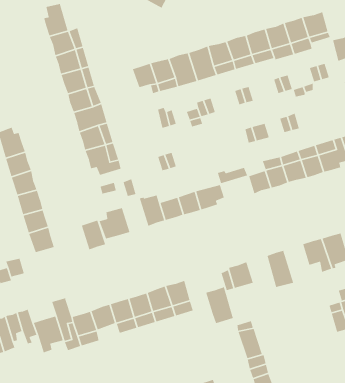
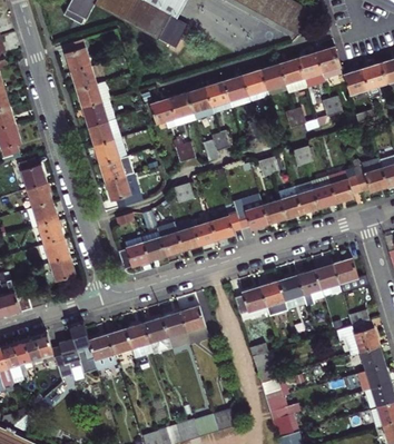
building: none -> [235,206,267,229]
building: [81,220,106,251] -> [140,230,165,260]
building: none -> [296,272,324,309]
building: [205,286,234,324] -> [260,283,288,319]

